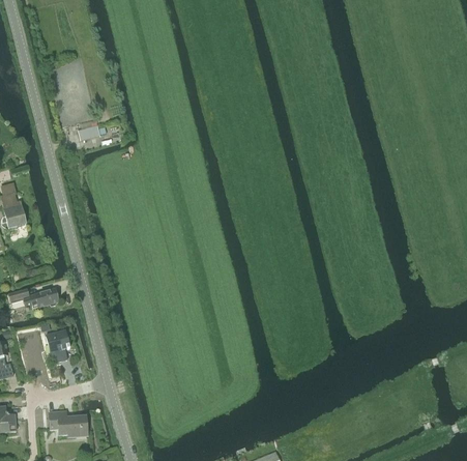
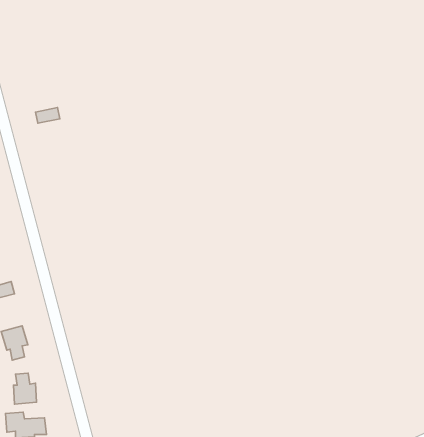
building: none -> [13,373,37,404]

